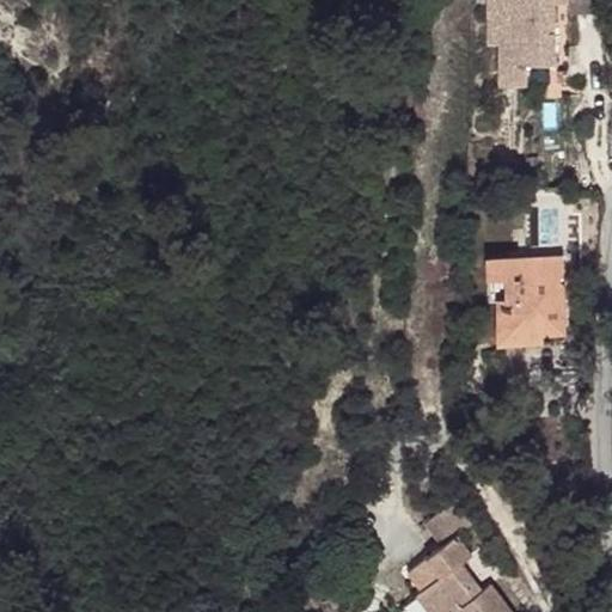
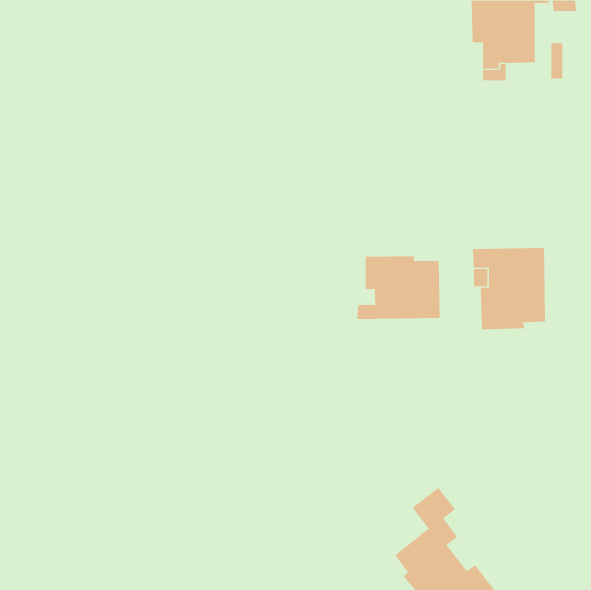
building: none -> [357,256,440,320]

